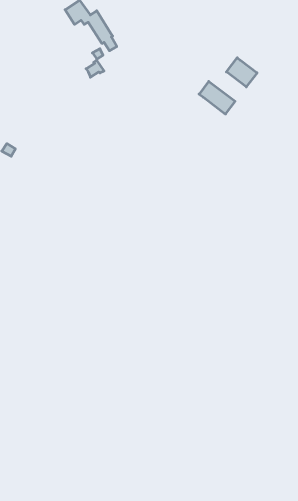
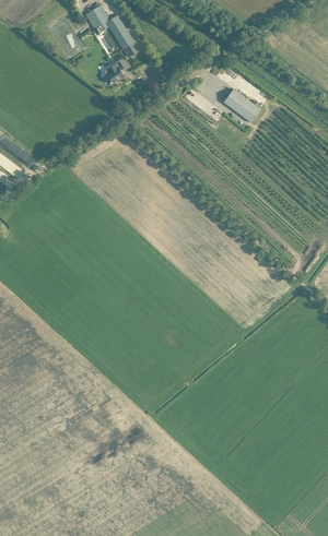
building: [226,58,257,87] -> none

